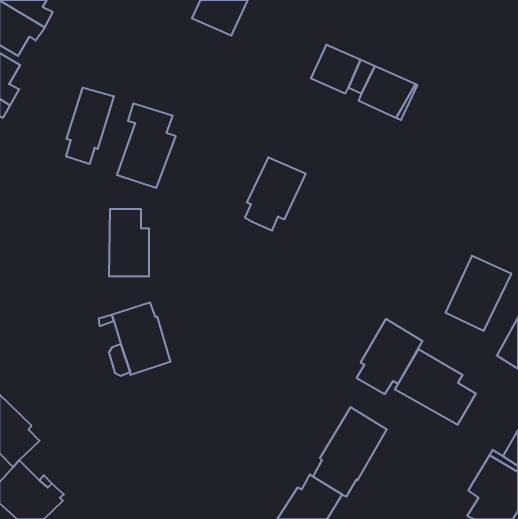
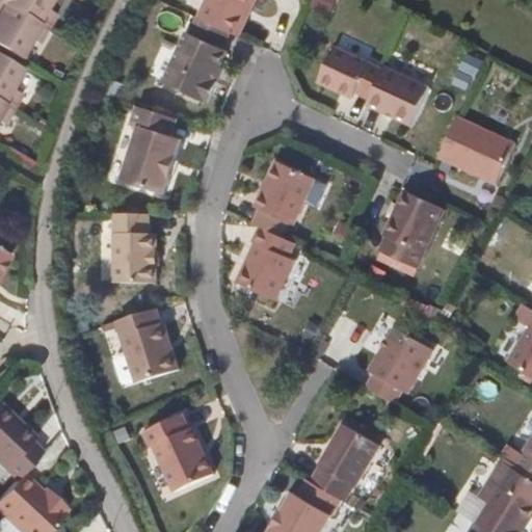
building: none -> [163,19,228,103]
building: [66,88,114,164] -> none
building: none -> [436,115,513,183]
building: none -> [235,227,294,301]
building: [445,256,511,331] -> [376,189,444,266]
building: [395,349,476,425] -> none
building: none -> [142,413,212,491]

